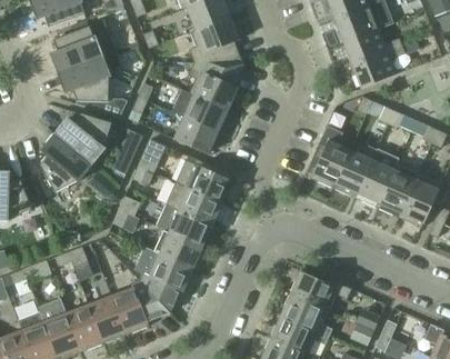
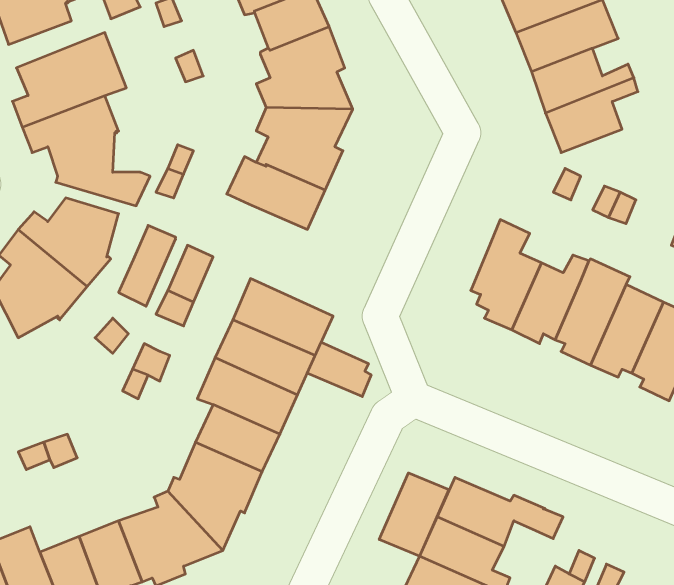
building: [173,117,217,153] -> none
building: none -> [307,342,371,397]
building: none -> [379,473,449,556]

